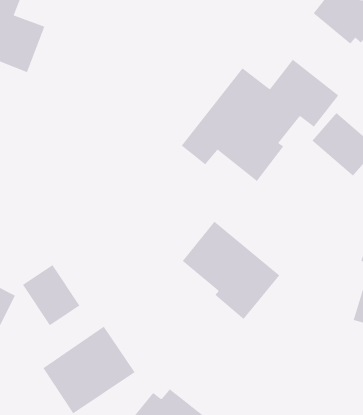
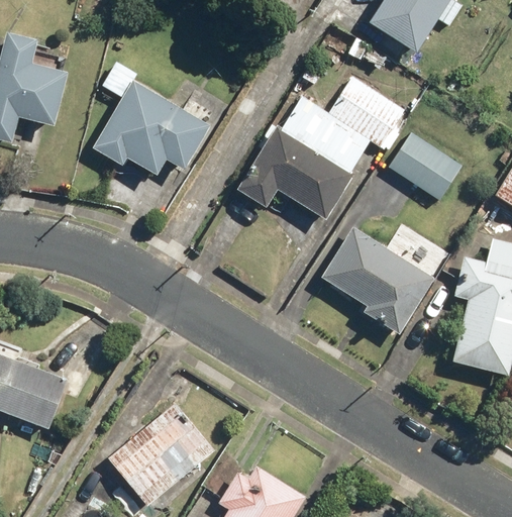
building: none -> [93,60,211,174]
building: [182,221,280,320] -> [321,226,434,334]
building: [22,264,80,326] -> none

